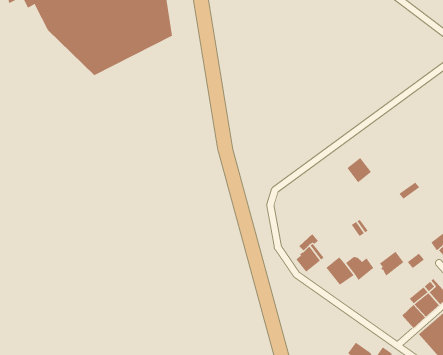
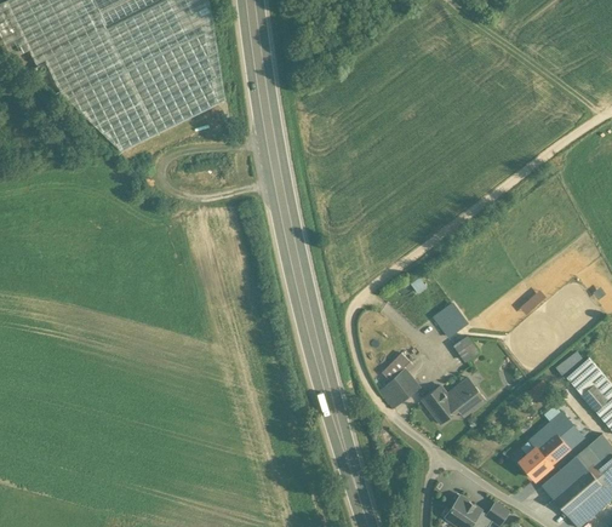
building: [347,157,372,183] -> [434,303,467,337]
building: [379,251,404,277] -> none

